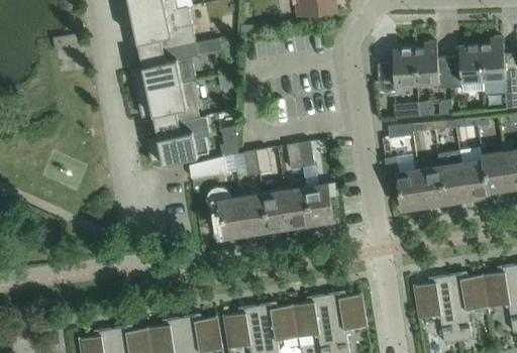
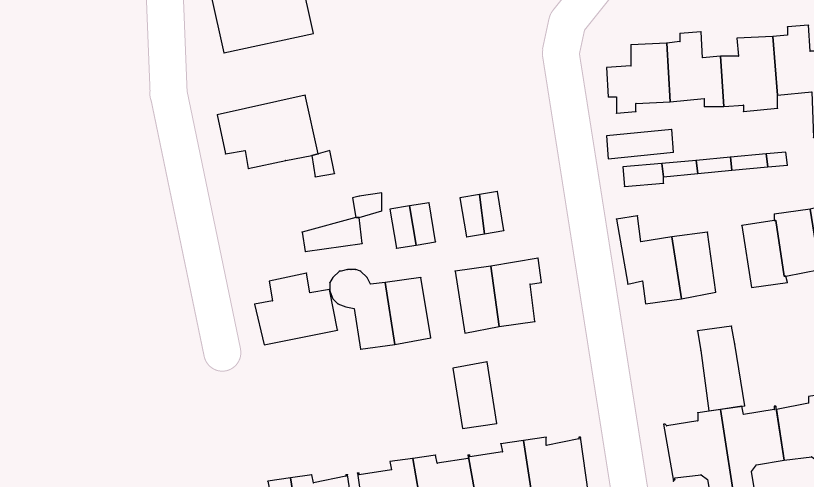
building: [132,43,199,94] -> none
building: [146,122,198,166] -> [255,273,338,345]
building: [438,151,468,204] -> [697,326,745,411]
building: [263,191,290,232] -> [453,362,497,428]

